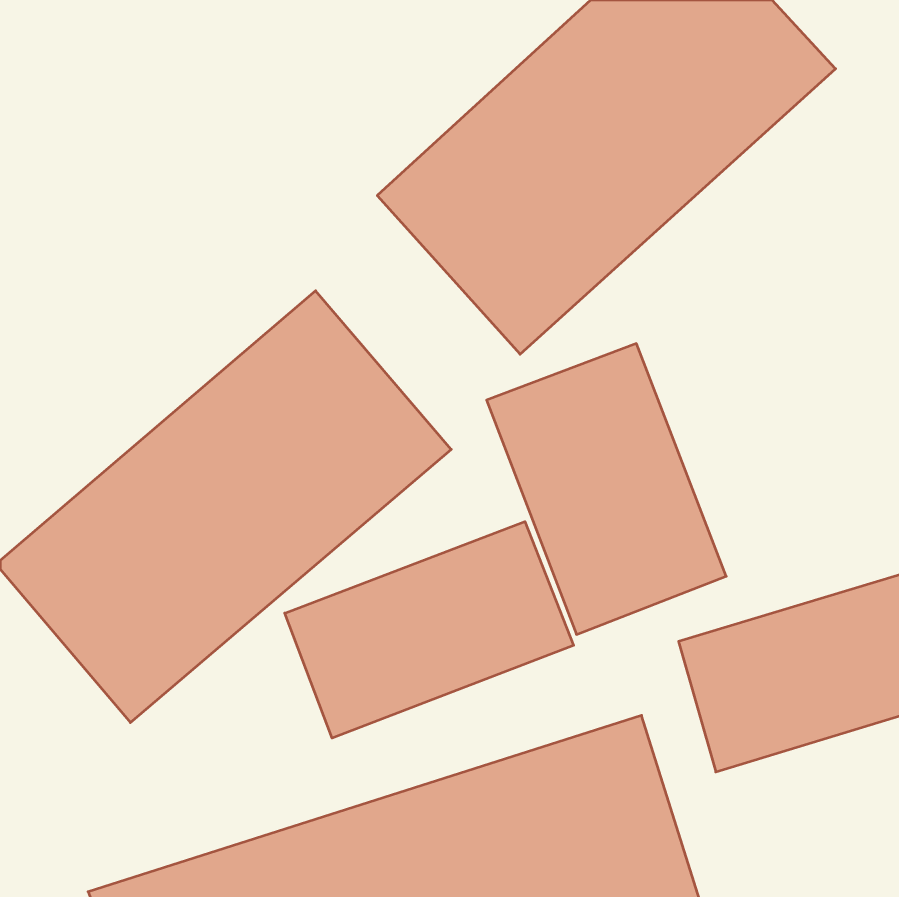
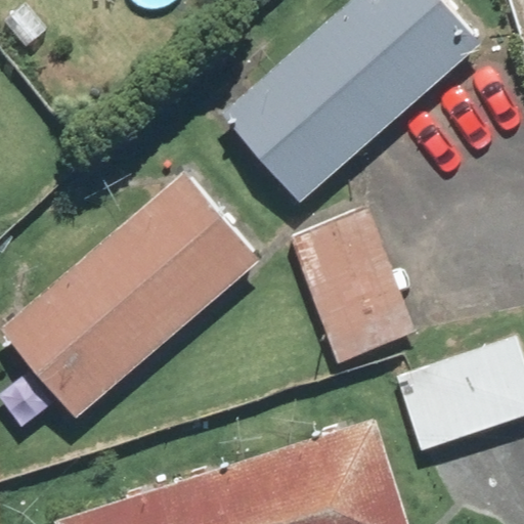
building: [285,522,574,738] -> none

